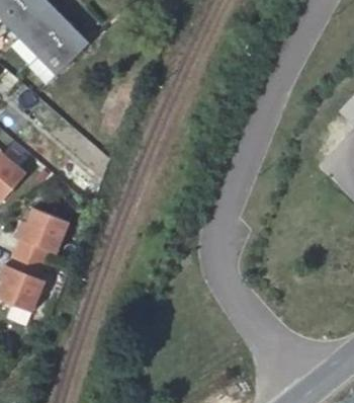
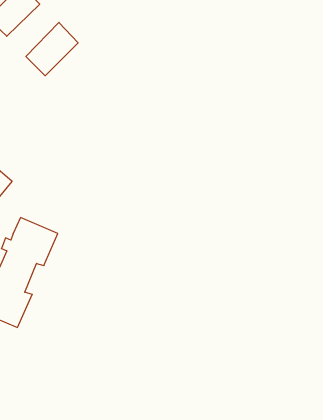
building: [19,5,69,55] -> none

